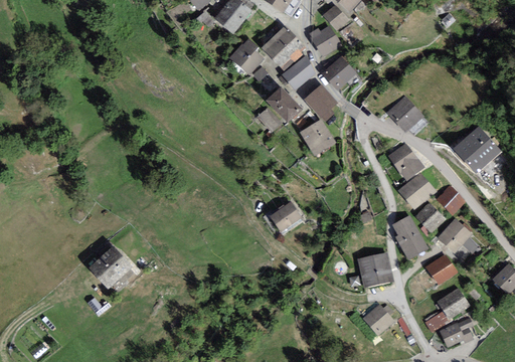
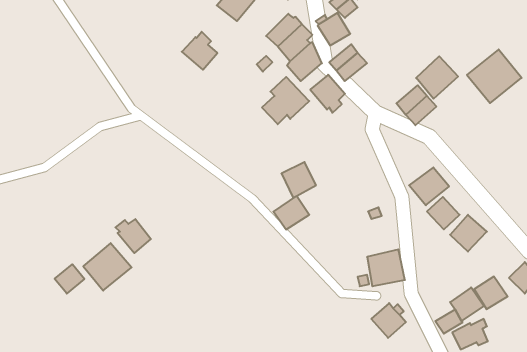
building: [229,38,264,74] -> [182,32,217,70]
building: none -> [416,56,458,99]
building: [297,124,330,158] -> [281,162,316,198]
building: [448,127,500,178] -> [467,49,522,103]
building: [388,142,425,180] -> none
building: [437,185,467,215] -> none
building: [391,214,428,259] -> none
building: none -> [115,219,151,253]
building: [426,253,459,285] -> [474,277,508,309]
building: none -> [55,264,84,294]

